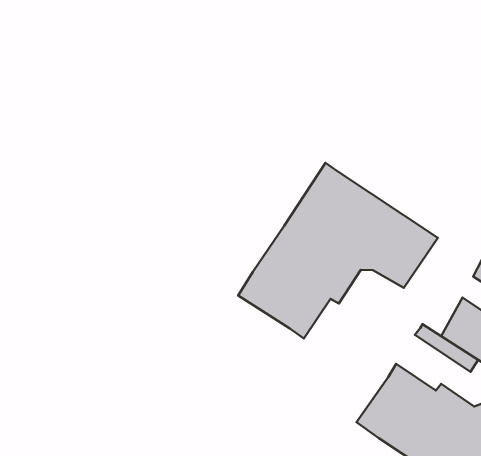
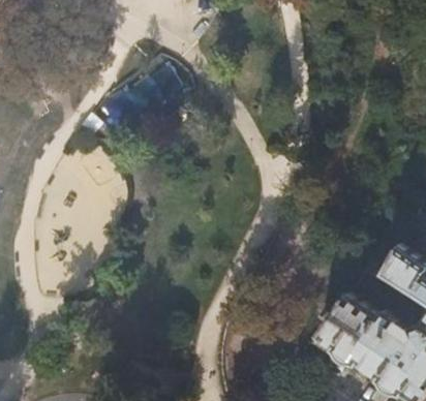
building: [238,163,438,339] -> none

